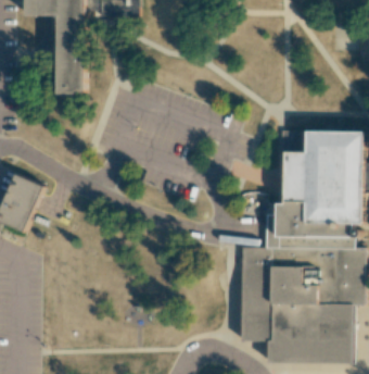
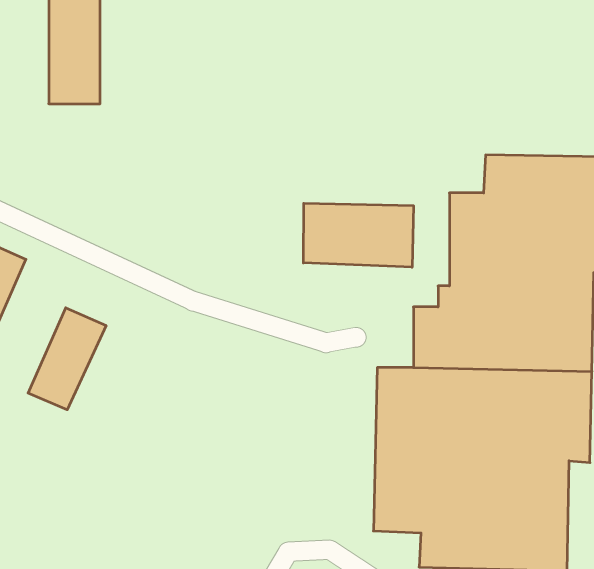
building: none -> [303,203,413,267]
building: none -> [28,308,106,410]

